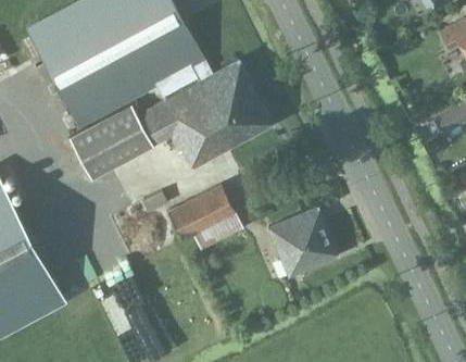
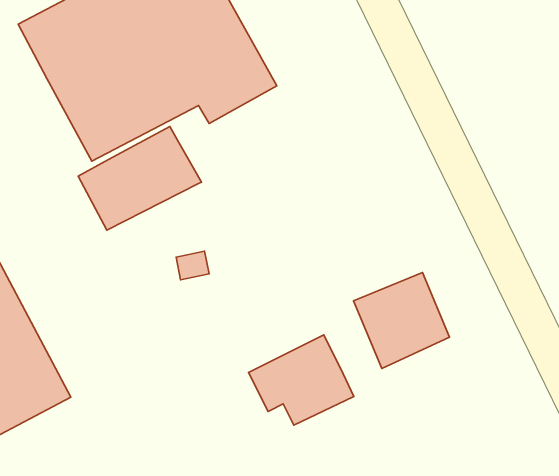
building: [141,60,274,170] -> none
building: [167,186,243,251] -> [249,335,354,425]

